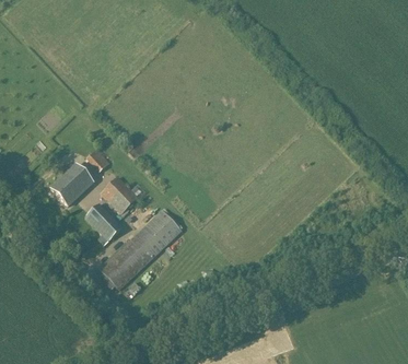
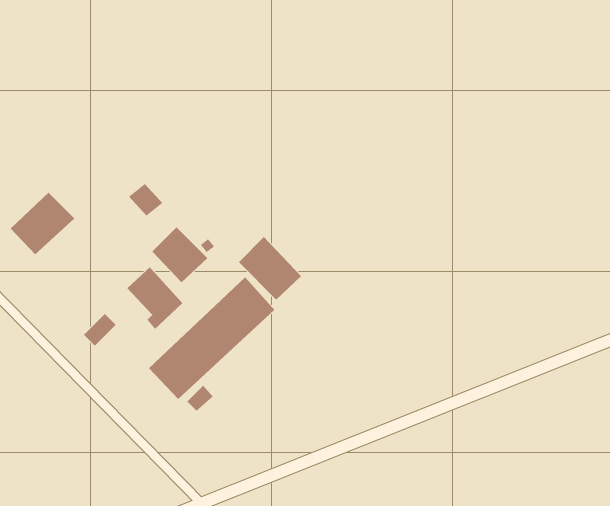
building: [50,164,93,206] -> [10,192,75,255]
building: none -> [238,236,302,300]

